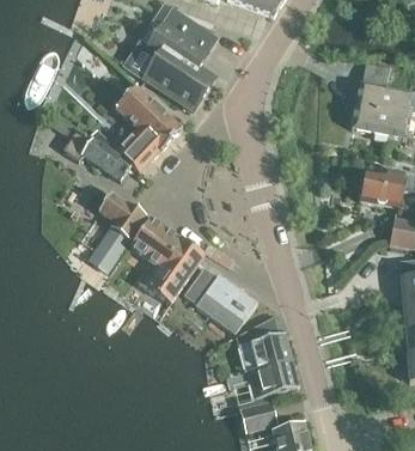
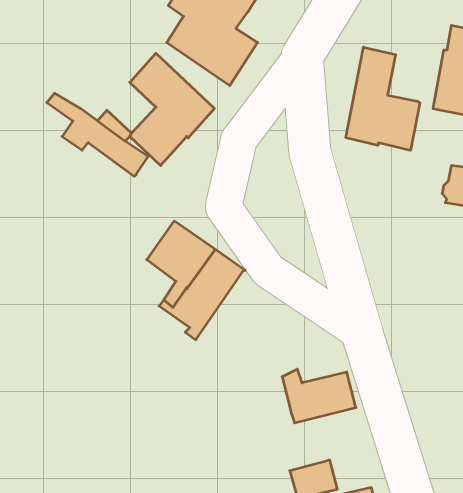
building: none -> [346,47,420,150]
building: [90,190,147,268] -> none
building: [184,267,258,333] -> none
building: [239,360,299,409] -> none

